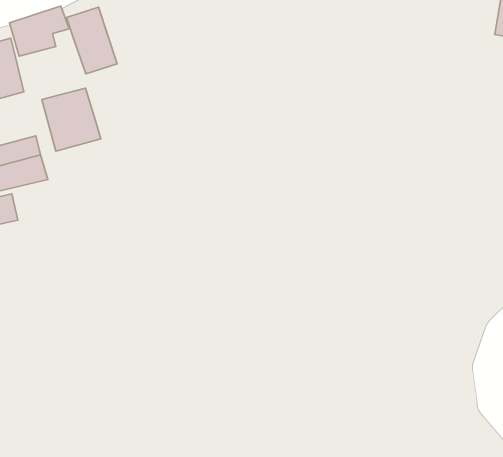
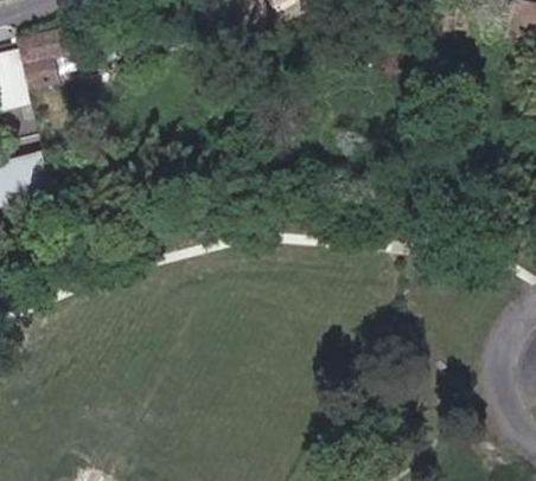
building: [66,7,117,74] -> none
building: [42,88,101,151] -> none

